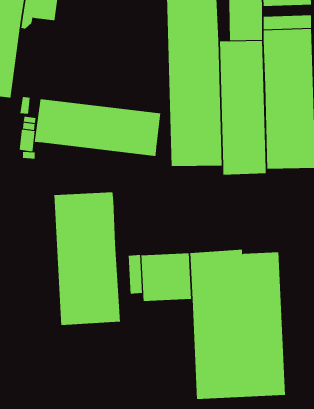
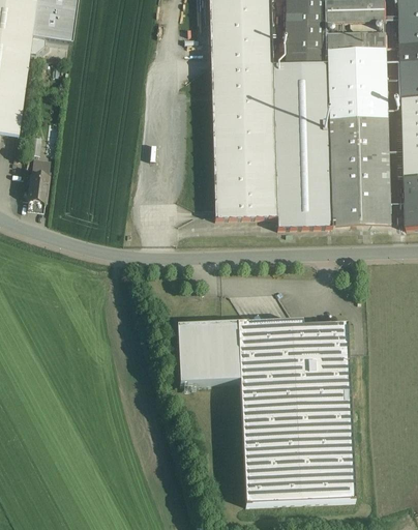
building: [34,98,161,157] -> none
building: [54,192,121,326] -> none
building: [128,254,142,294] -> none

